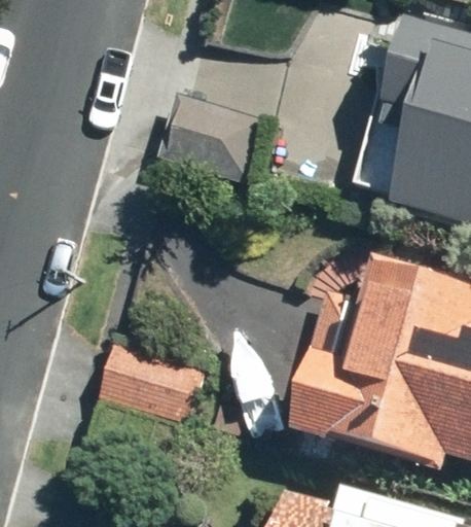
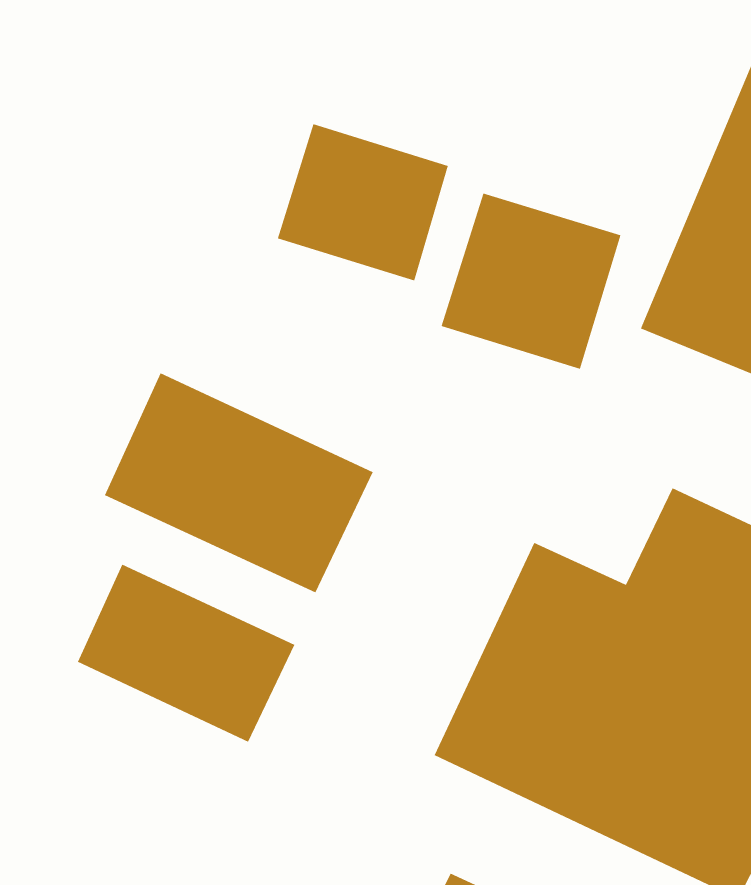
building: none -> [440,193,622,370]
building: none -> [104,372,374,594]

